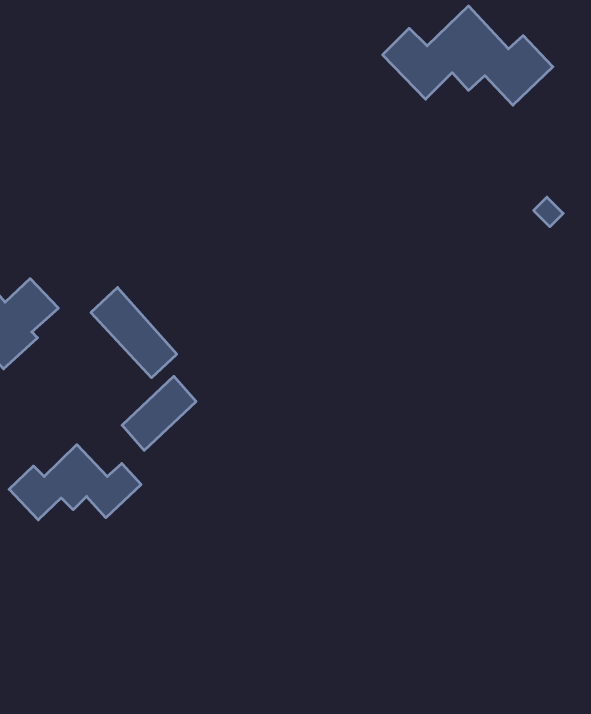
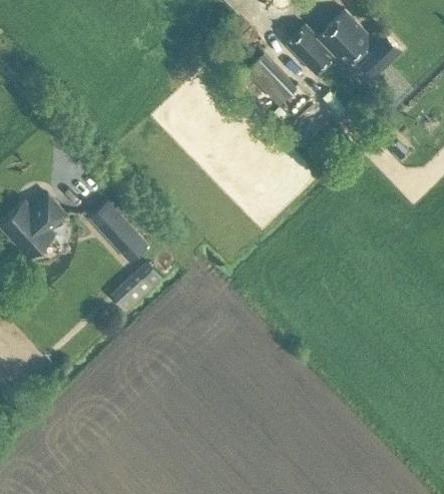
building: none -> [248,52,298,103]
building: [9,445,141,520] -> none

